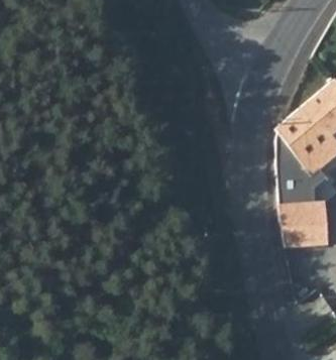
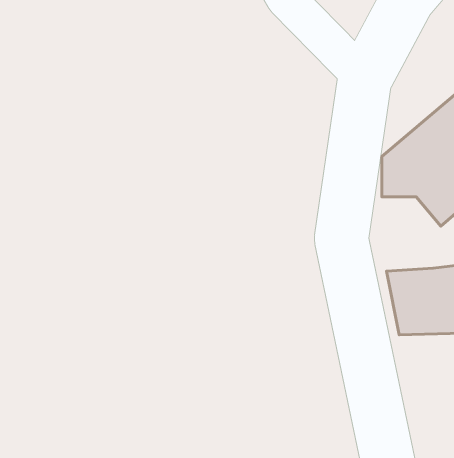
building: [275,156,314,205] -> none

